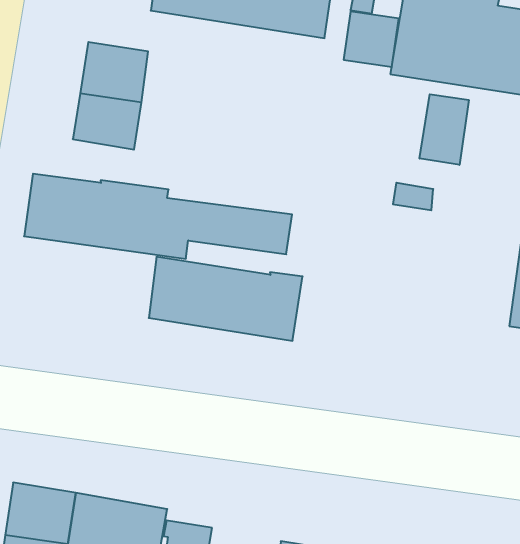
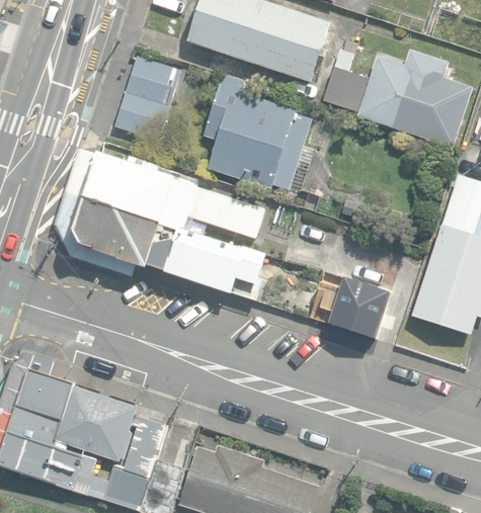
building: none -> [203,73,311,189]
building: [420,94,469,165] -> none
building: none -> [55,190,161,276]
building: none -> [332,283,391,339]

